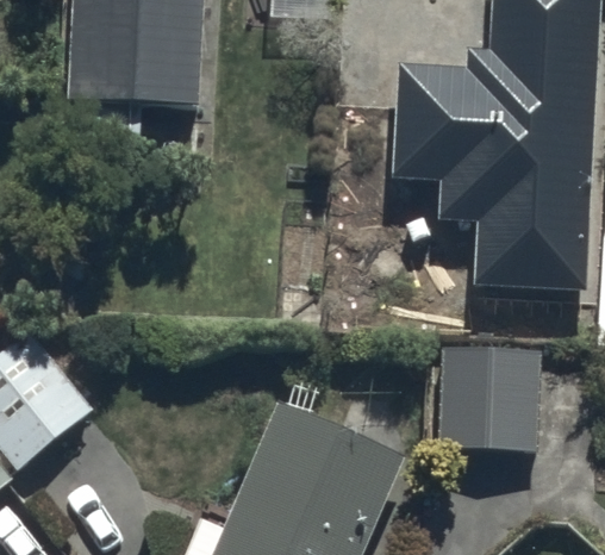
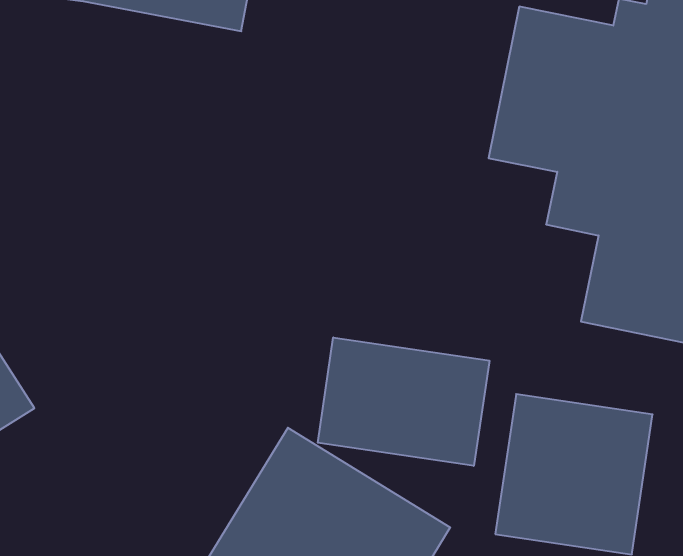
building: none -> [318,337,489,466]

